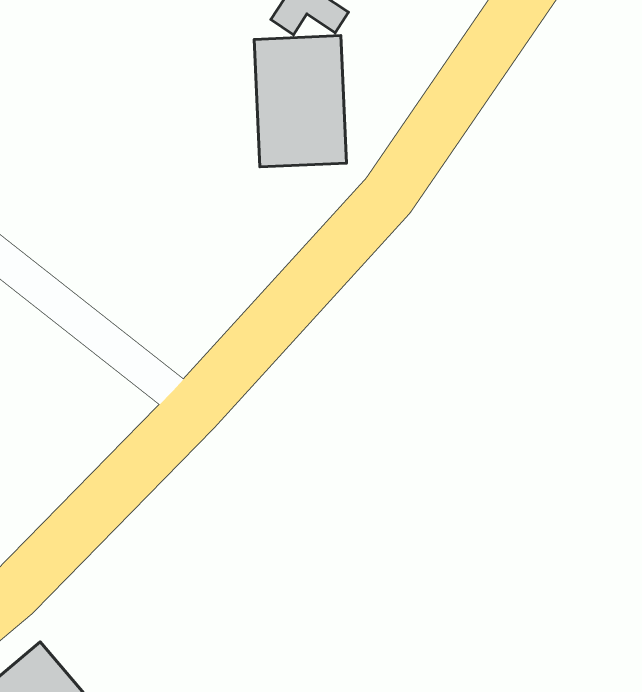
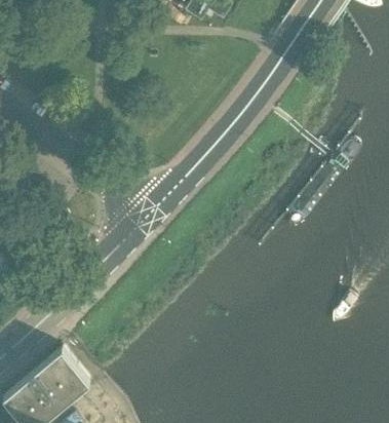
building: [254,36,346,167] -> none

